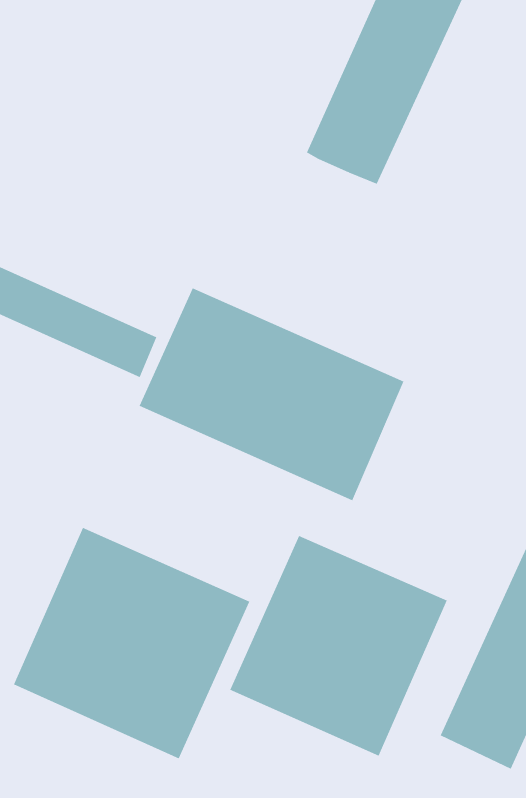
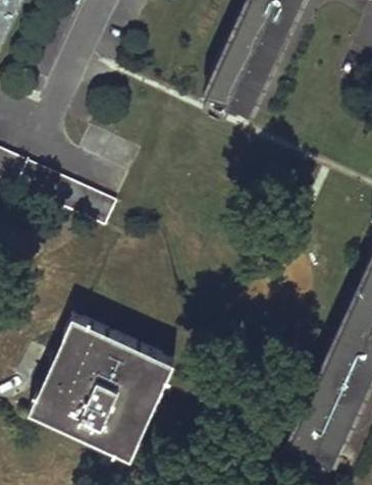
building: [139,287,404,501] -> none
building: [229,535,447,757] -> none

